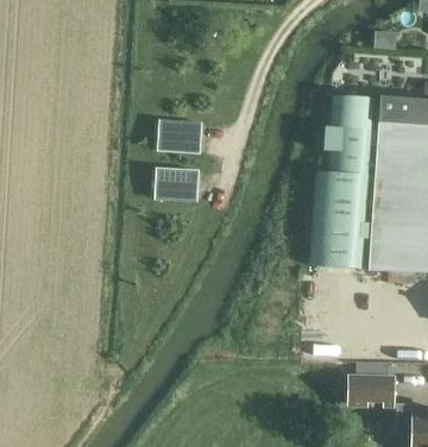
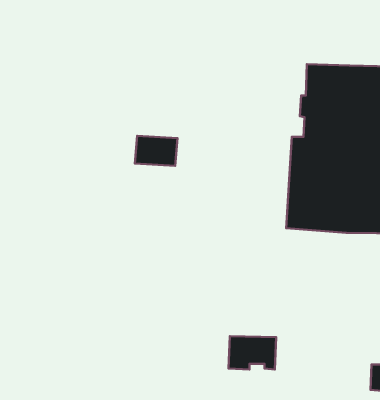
building: [158,120,201,152] -> none
building: [346,373,395,408] -> [229,336,276,370]

